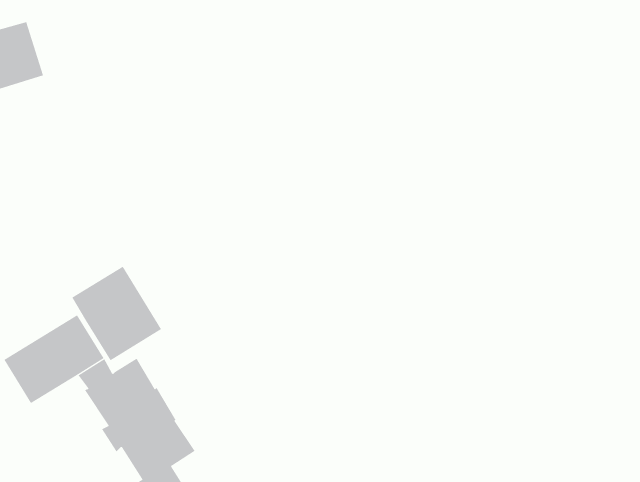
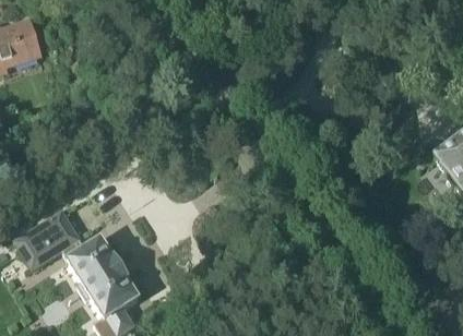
building: [71,266,162,361] -> none

